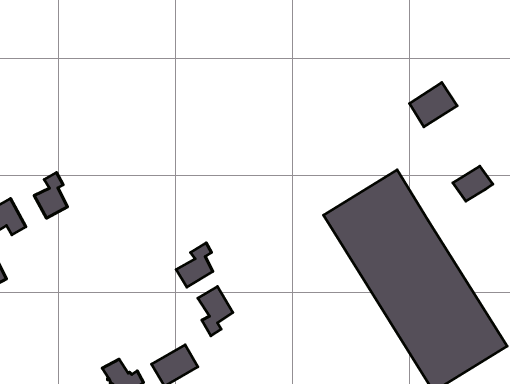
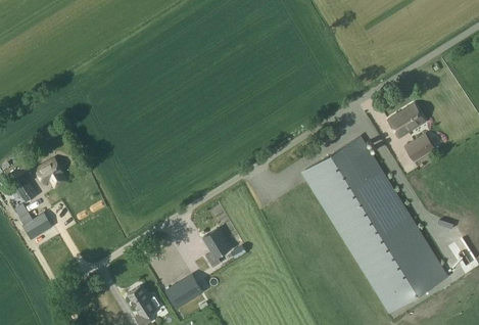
building: [409,83,457,127] -> [388,104,426,139]
building: [34,173,67,218] -> none
building: [176,243,213,287] -> none

